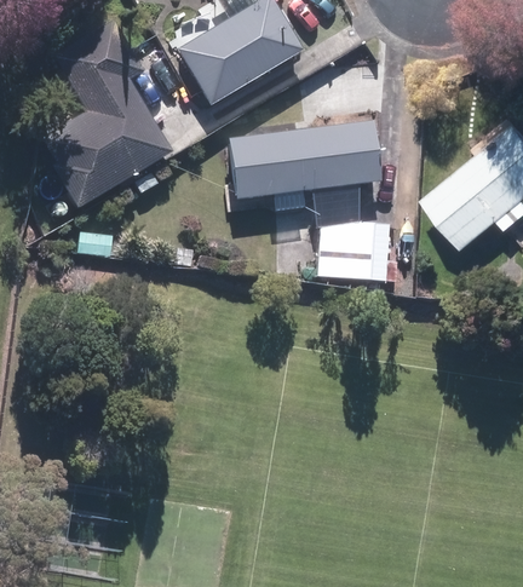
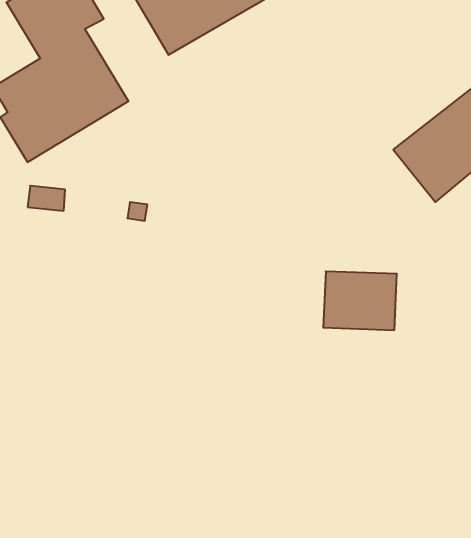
building: [222,121,378,198] -> none
building: [317,224,389,281] -> [323,271,397,330]

